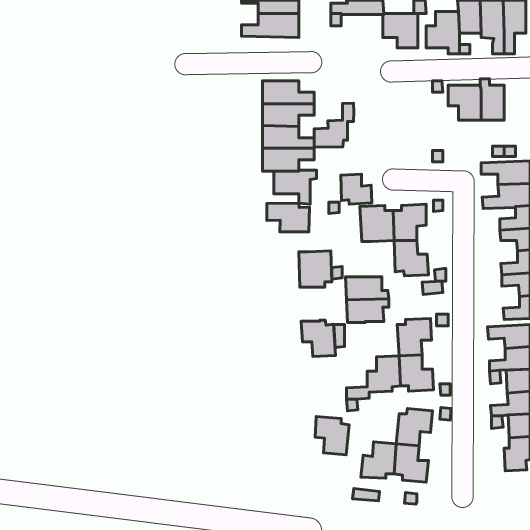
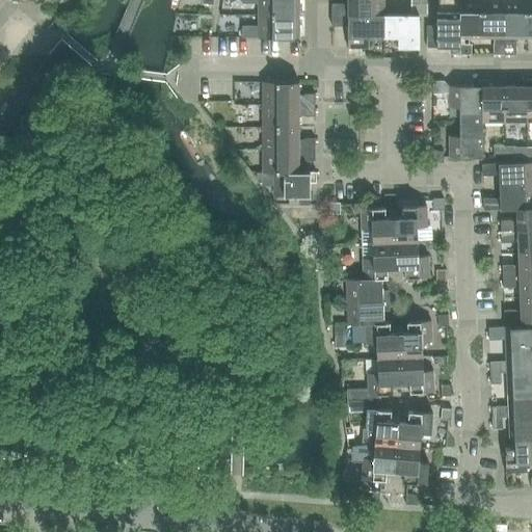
building: none -> [348,15,383,48]
building: none -> [505,79,527,121]
building: [314,103,354,147] -> none
building: none -> [450,121,483,157]
building: [341,174,372,204] -> none
building: [267,203,310,232] -> none
building: [299,251,332,287] -> [363,241,396,277]
building: [301,320,336,356] -> [366,321,400,357]
building: [315,416,349,455] -> [366,406,400,445]

